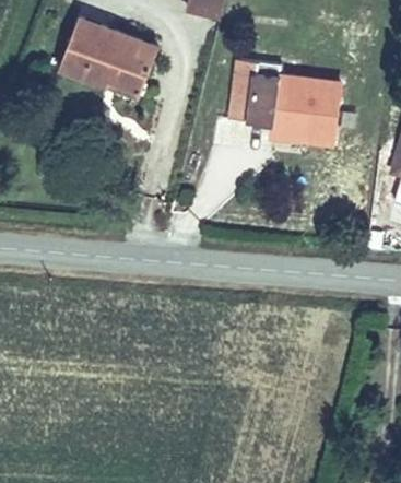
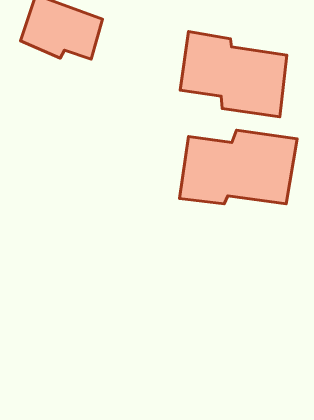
building: none -> [180,130,297,204]

